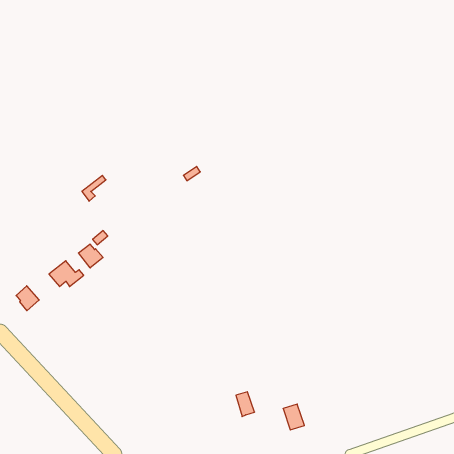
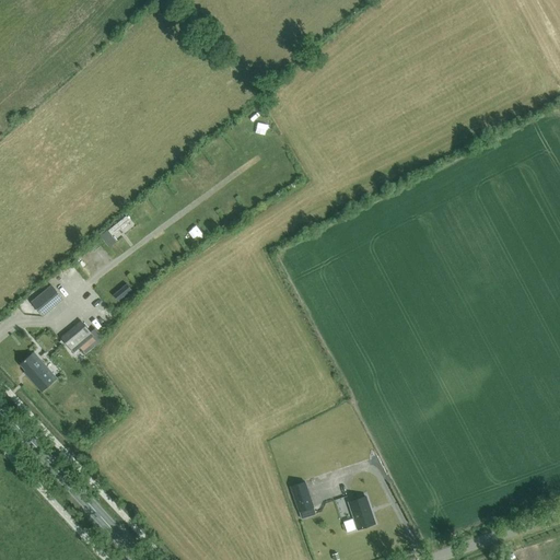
building: none -> [32,284,63,315]
building: [78,244,103,268] -> none

